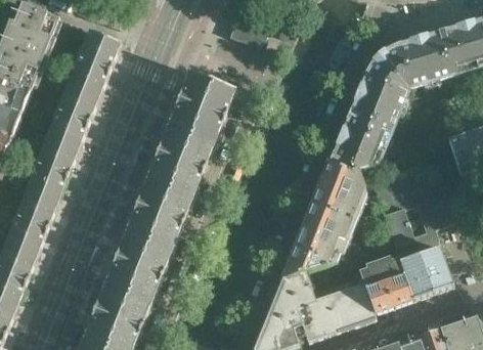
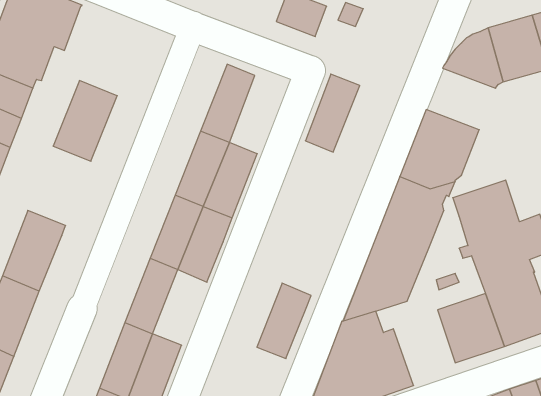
building: [69,31,120,96] -> none
building: [350,74,406,124] -> none
building: [190,80,234,143] -> [305,74,360,152]
building: [27,137,78,202] -> none
building: [128,237,172,299] -> [257,283,311,359]
building: [323,273,376,332] -> none

